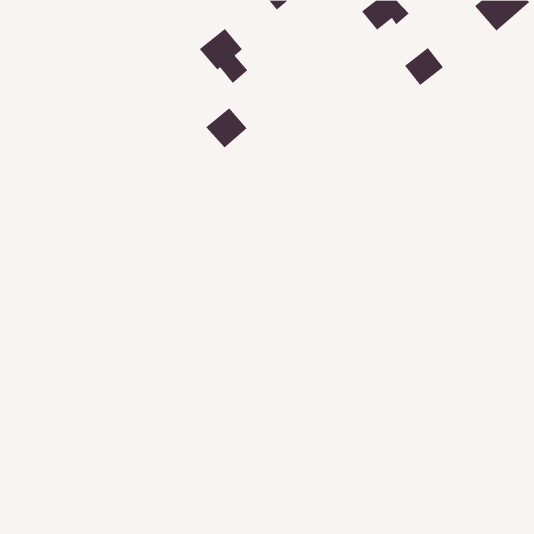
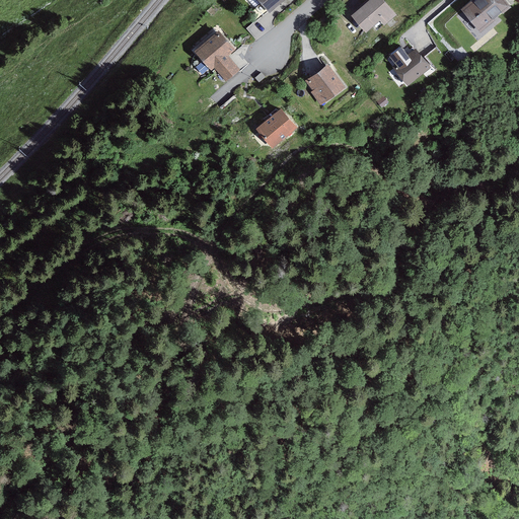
building: none -> [303,63,344,103]
building: [206,107,247,148] -> [254,107,295,147]

